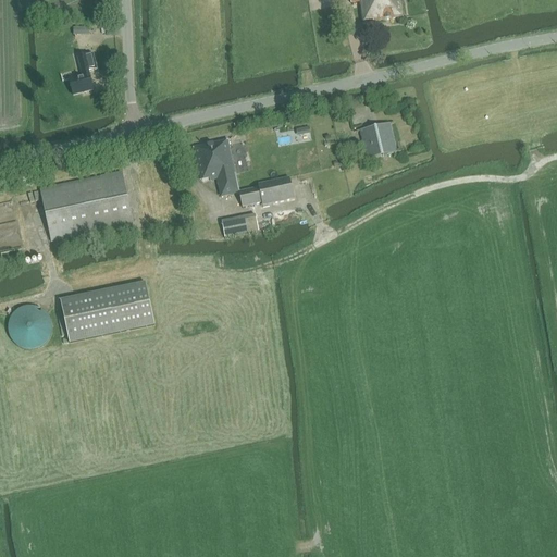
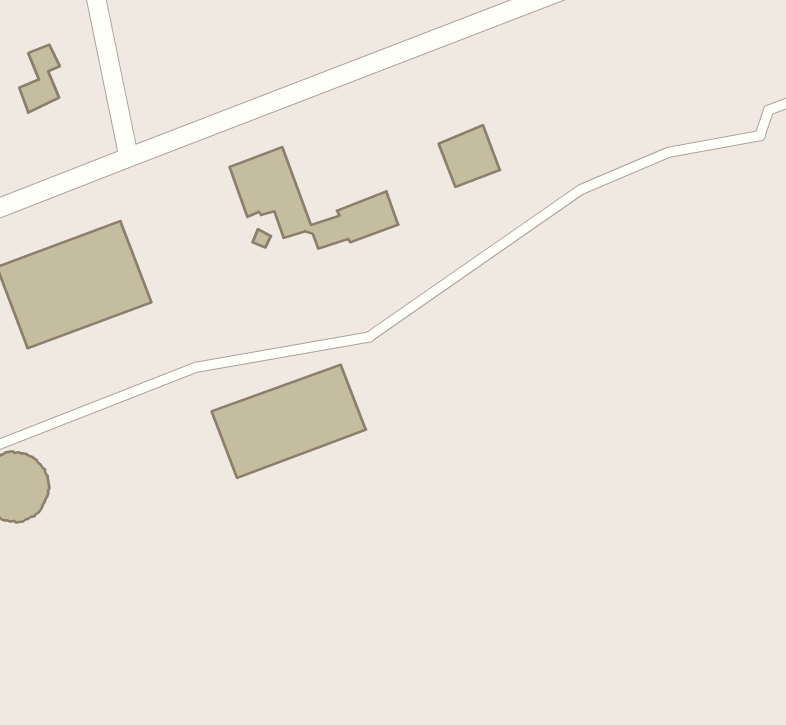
building: [361,120,397,156] -> [439,125,500,187]
building: [222,211,259,234] -> none
building: [61,280,156,341] -> [212,365,366,478]

